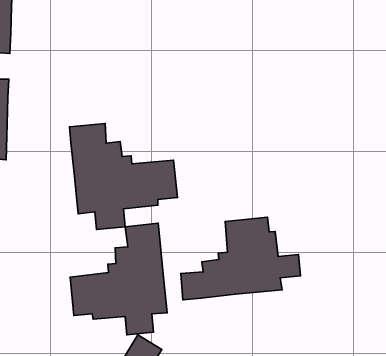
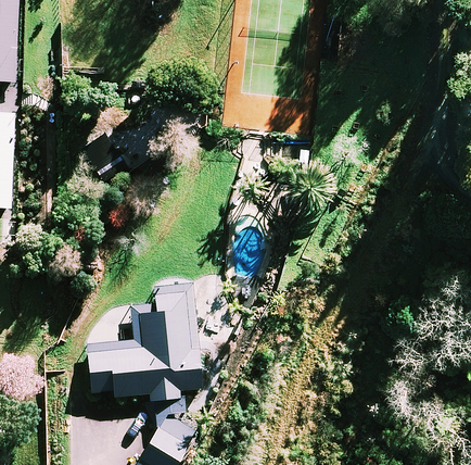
building: [69,124,177,229] -> none
building: [181,217,300,300] -> none

